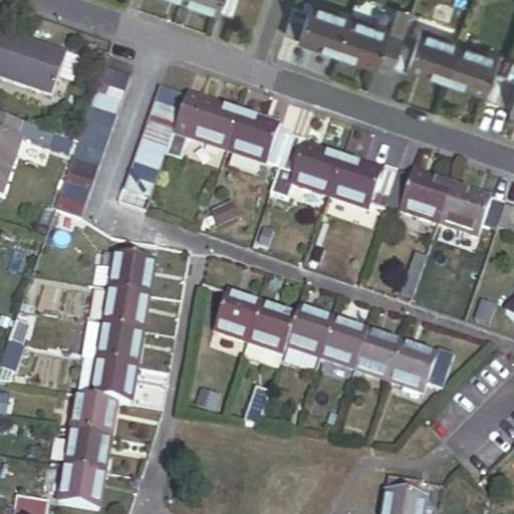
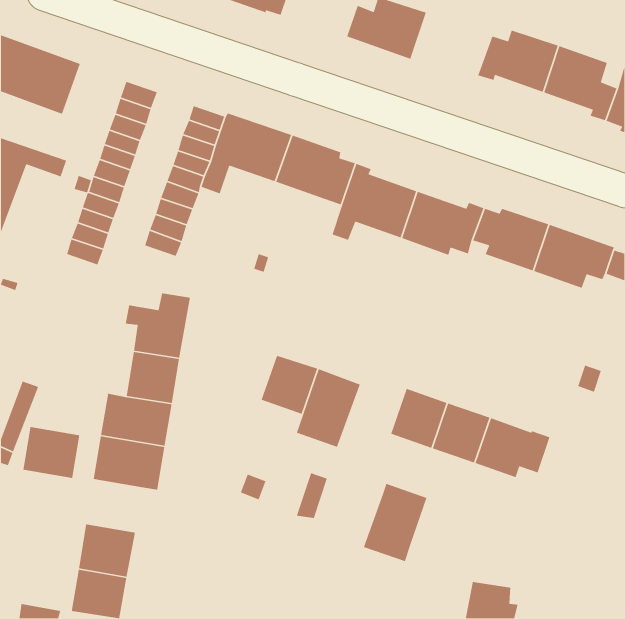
building: [337,5,410,67] -> none
building: [280,306,333,371] -> [363,483,427,562]
building: [70,394,117,437] -> [23,426,80,479]

